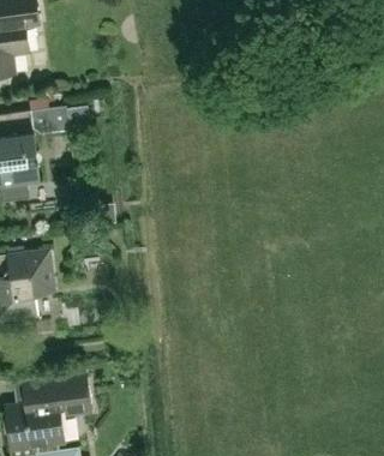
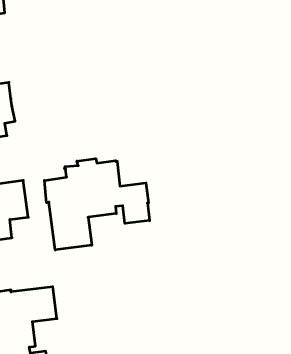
building: [31,108,68,133] -> none
building: none -> [44,159,150,250]

